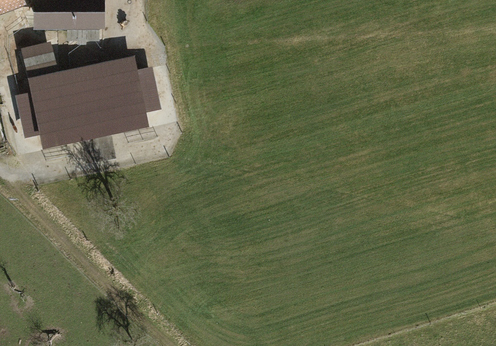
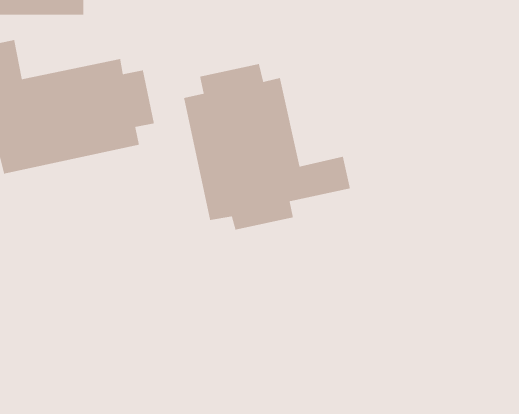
building: none -> [183,63,351,230]

